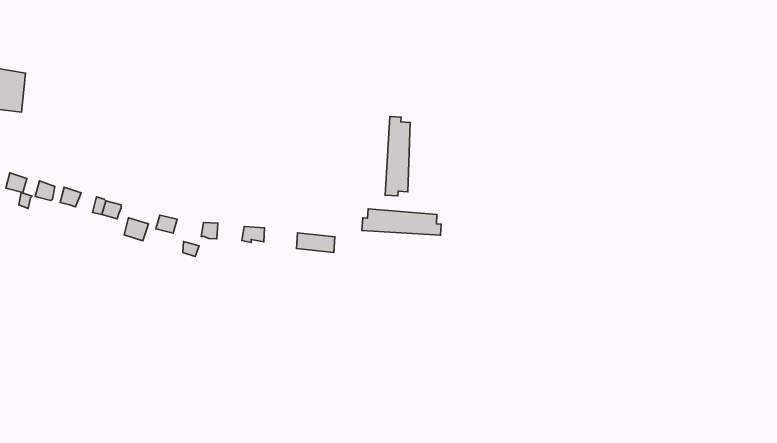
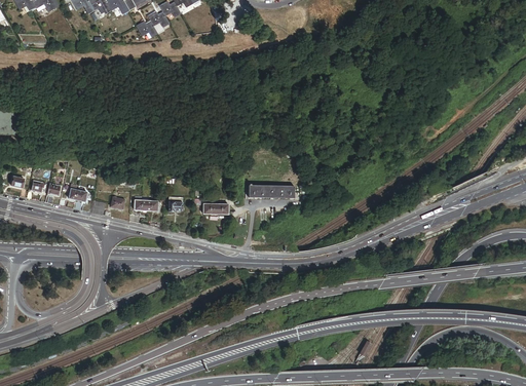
building: [385,117,410,196] -> none

